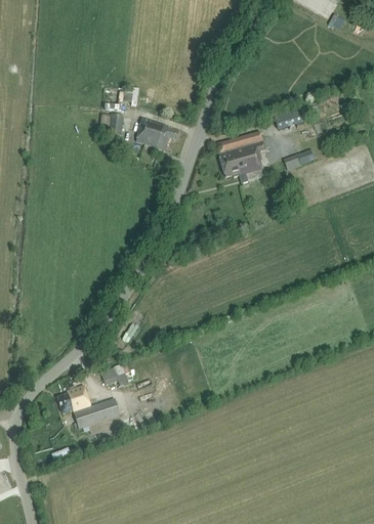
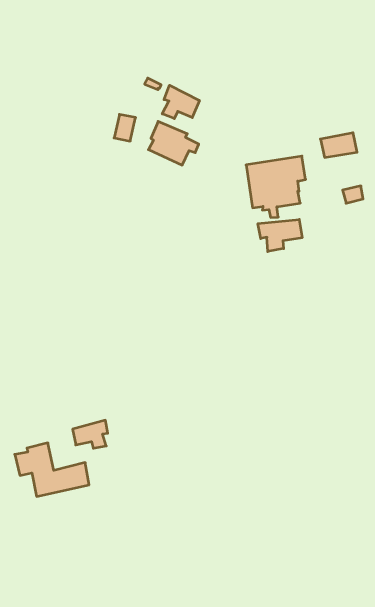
building: none -> [162,85,199,119]
building: none -> [258,219,302,252]

